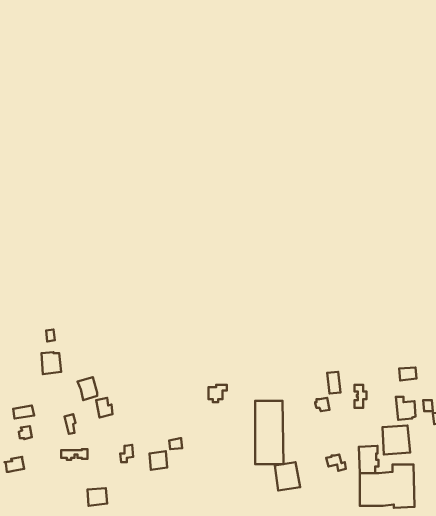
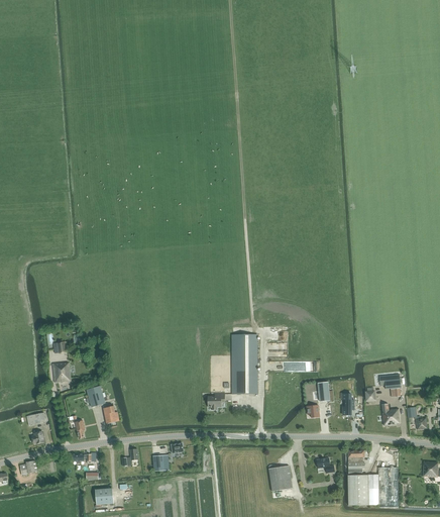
building: [255,401,283,464] -> [231,334,257,393]
building: [382,426,410,454] -> none

